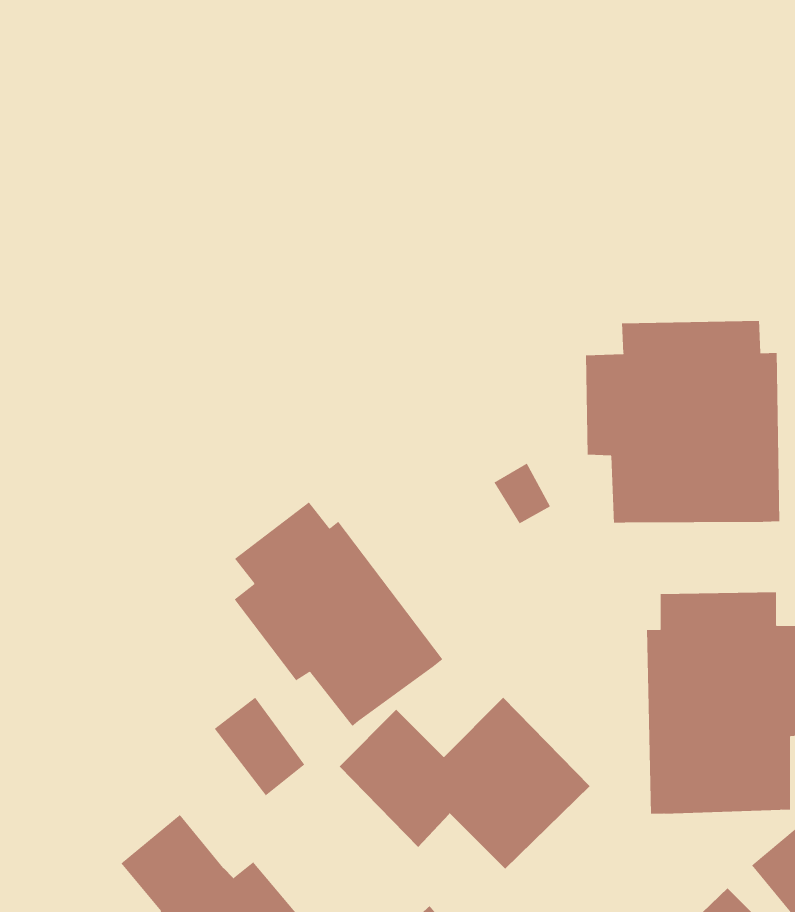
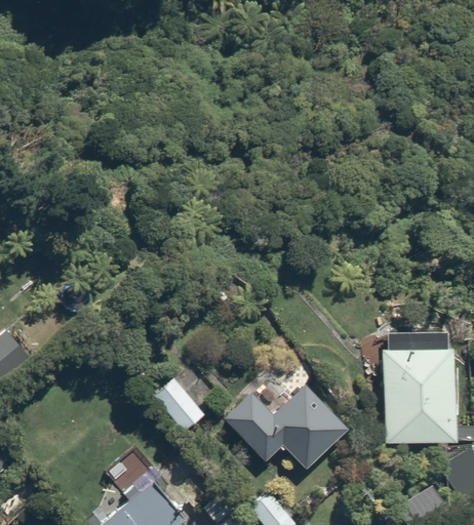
building: [586,320,780,524] -> none
building: [234,501,443,727] -> none

